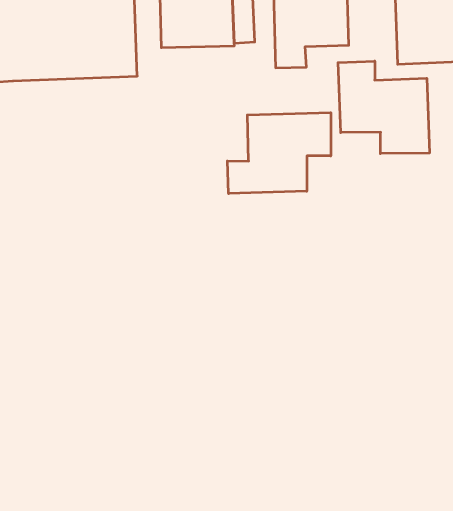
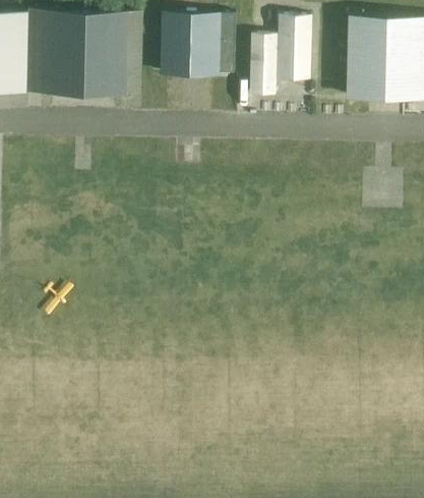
building: [338,61,429,154] -> none
building: [227,113,331,194] -> none

